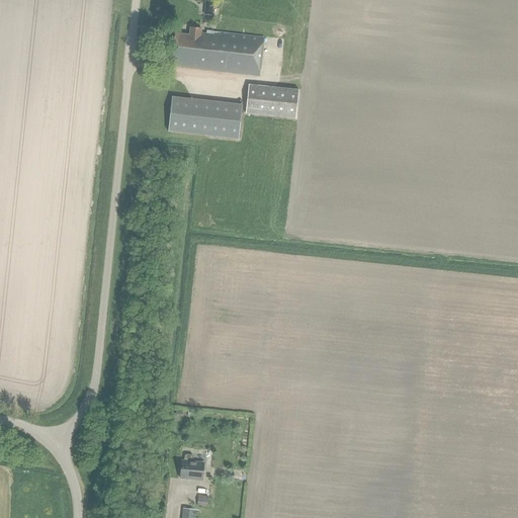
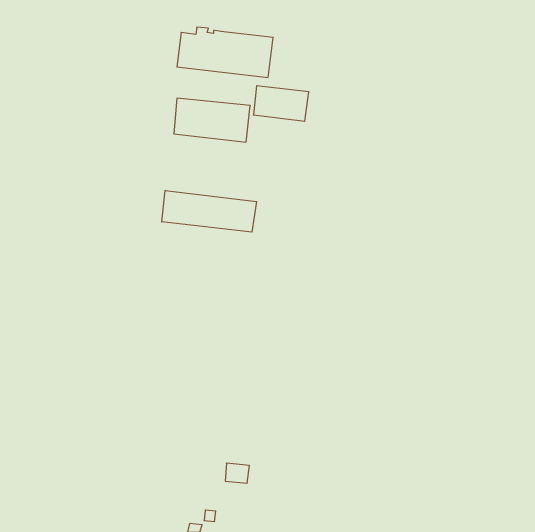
building: none -> [162,190,257,232]
building: [181,459,204,479] -> [225,463,249,483]

